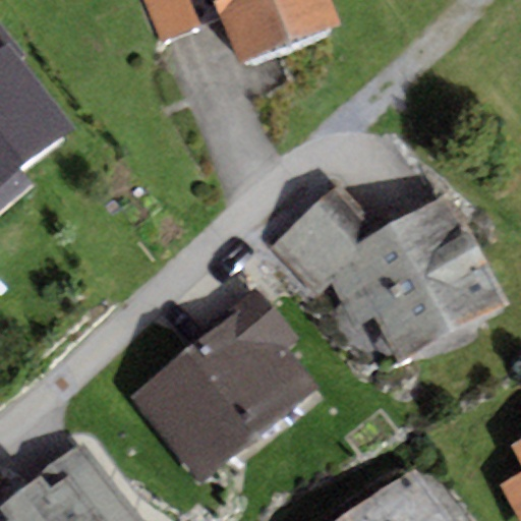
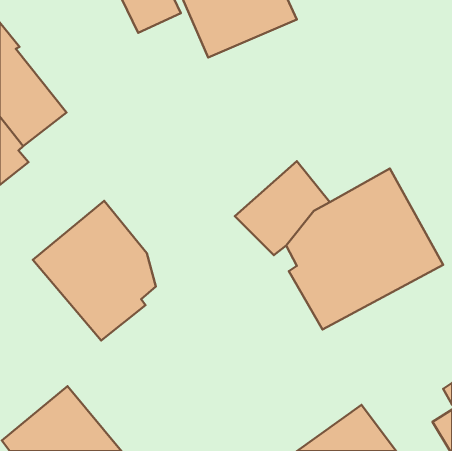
building: none -> [33,201,156,341]
building: [129,291,317,484] -> none

